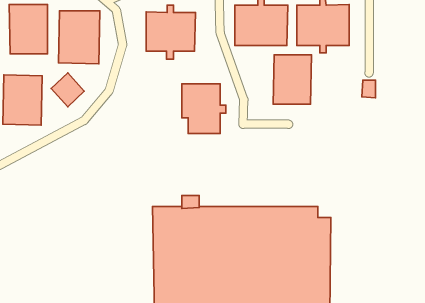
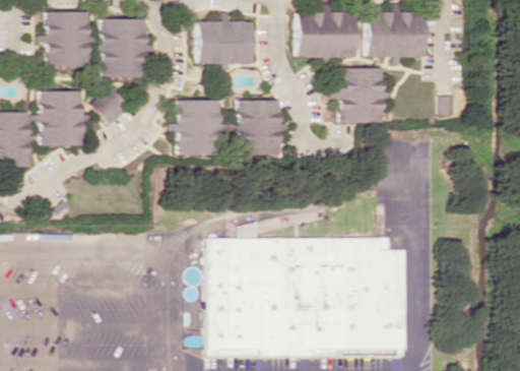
building: none -> [170,101,220,157]

